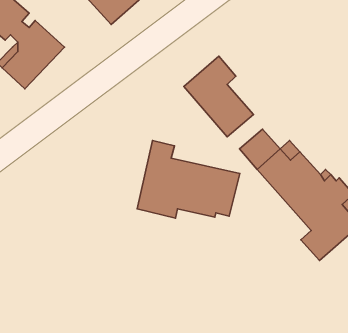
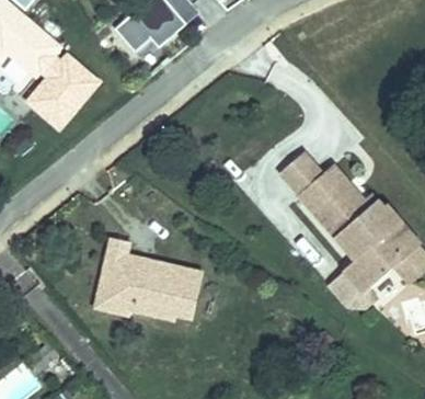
building: [184,56,254,137] -> none
building: [137,141,240,218] -> [94,231,203,314]

